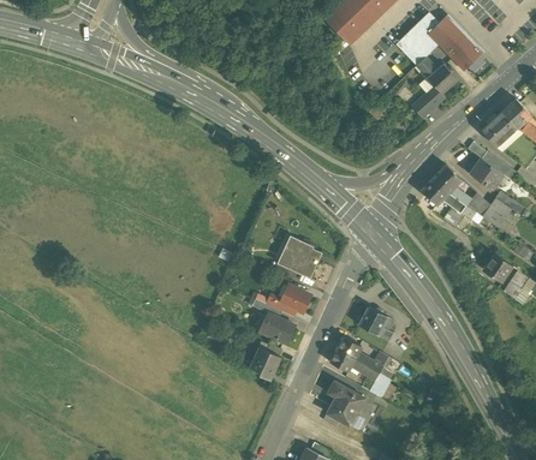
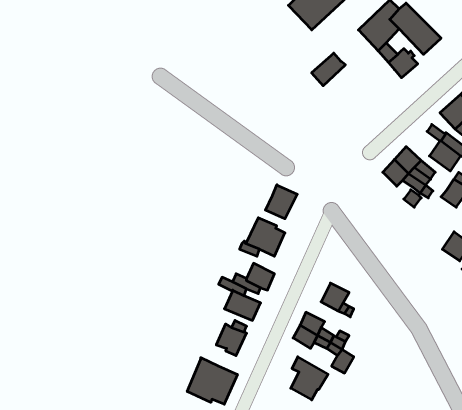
building: [411,85,446,119] -> [312,53,345,86]
building: none -> [265,185,297,219]
building: none -> [187,358,237,404]

